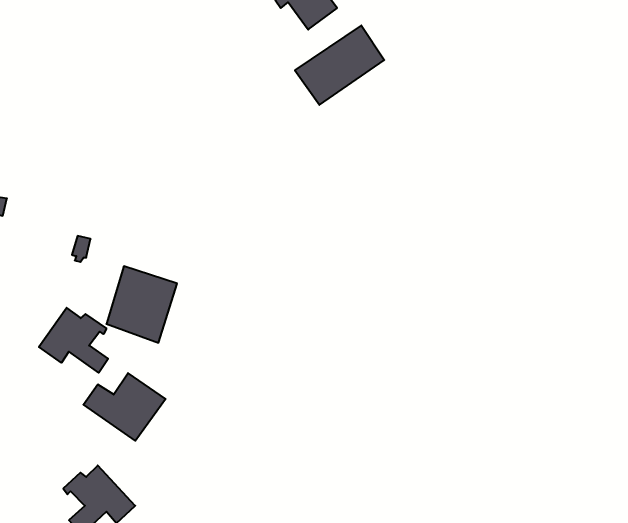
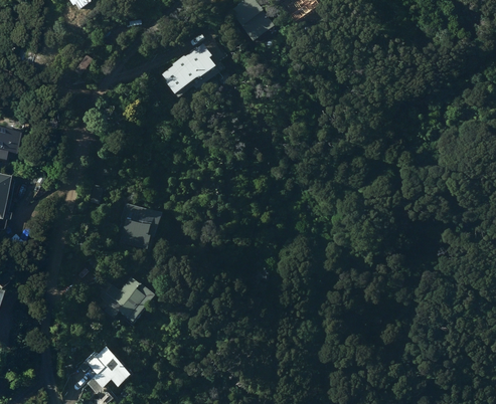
building: [295,25,384,105] -> [158,43,220,98]
building: [39,308,108,373] -> none

